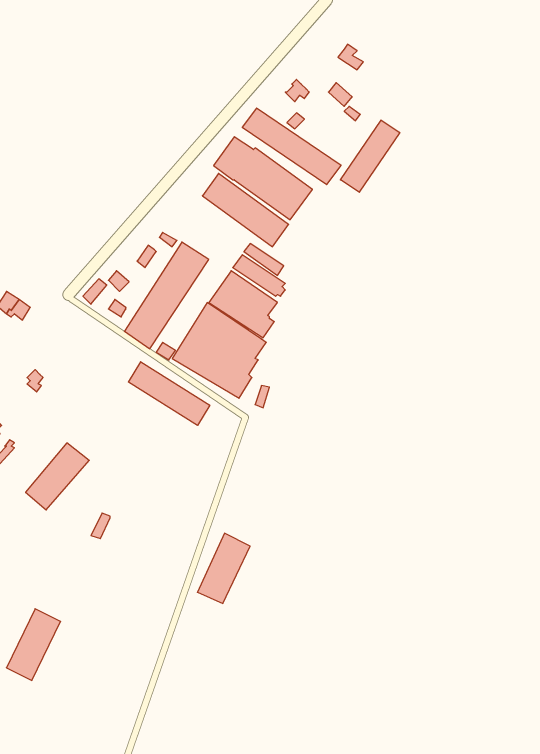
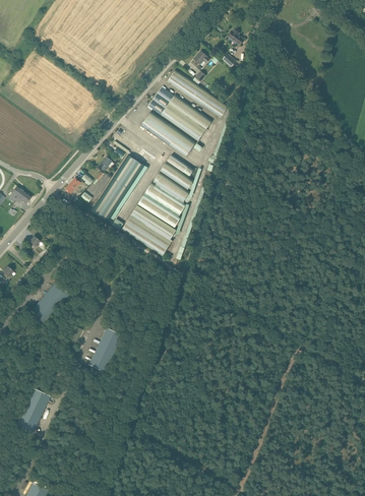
building: [340,120,400,192] -> none
building: [128,362,210,425] -> none
building: [197,533,250,603] -> [88,327,122,372]

